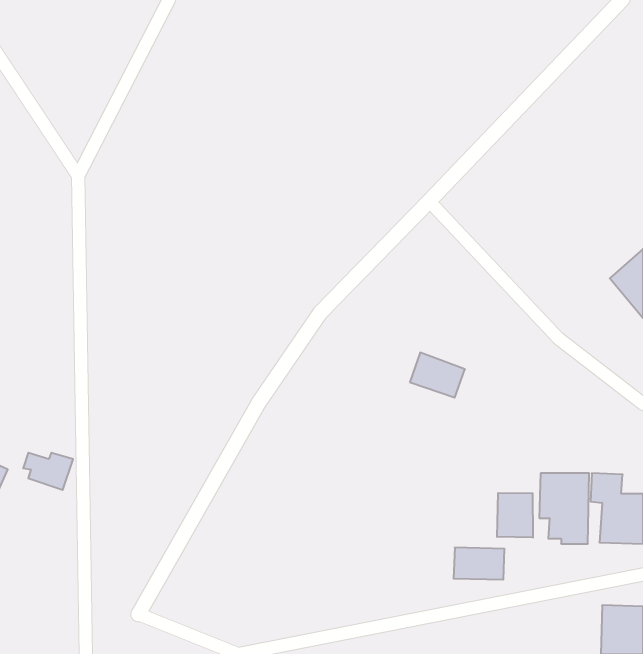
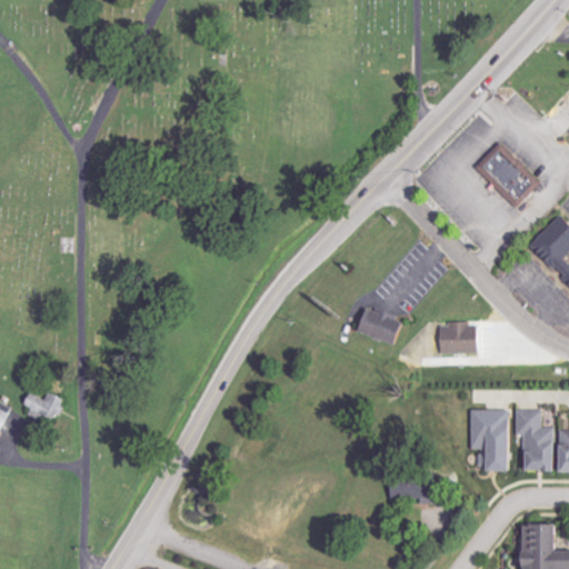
building: none -> [473,141,539,208]
building: none -> [437,323,477,353]
building: [497,493,533,538] -> none

